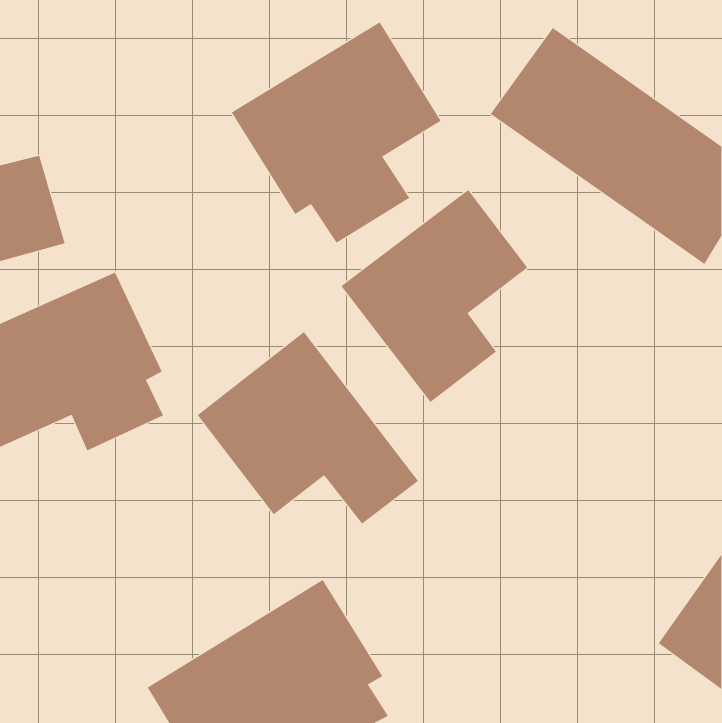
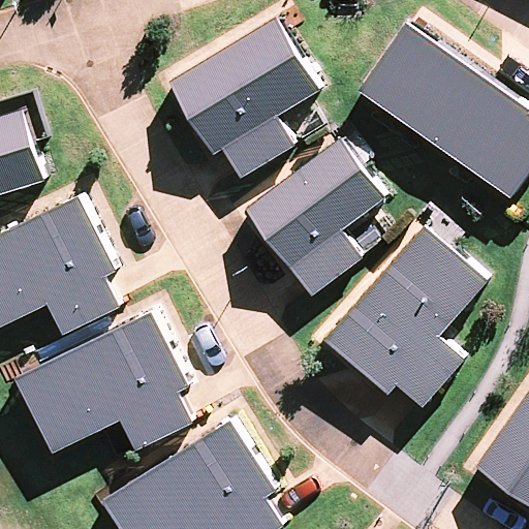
building: none -> [321,221,490,407]
building: [197,331,419,525] -> none
building: none -> [5,312,188,449]

